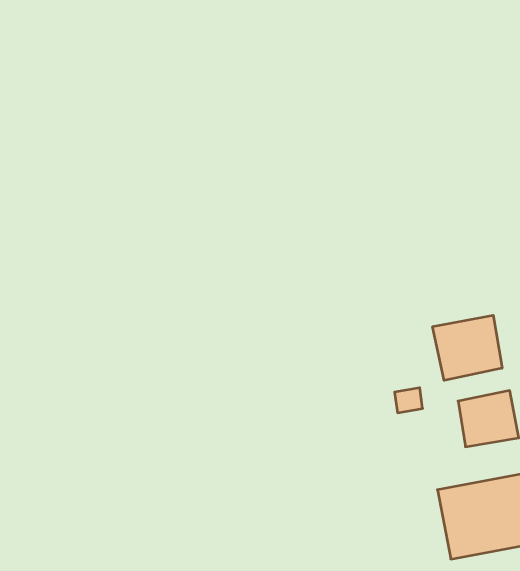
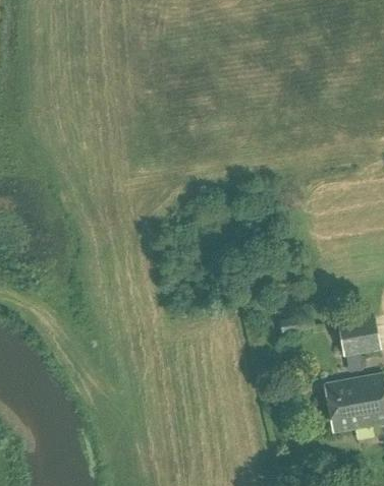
building: [433,315,502,380] -> none

